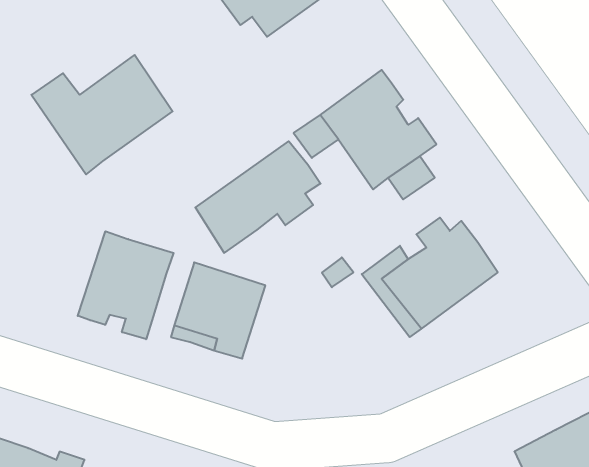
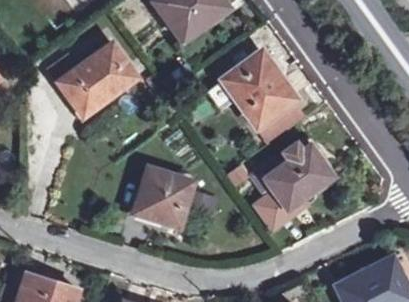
building: [195,141,321,253] -> none
building: [78,231,174,339] -> none

